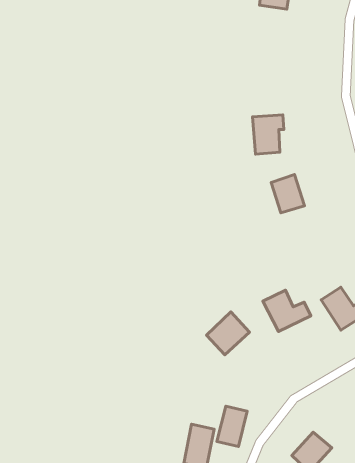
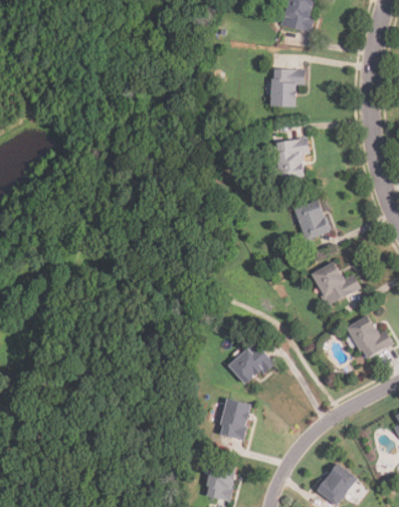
building: none -> [271,68,303,104]
building: [263,290,311,331] -> [311,262,360,304]
building: [217,406,247,446] -> [218,400,249,441]

